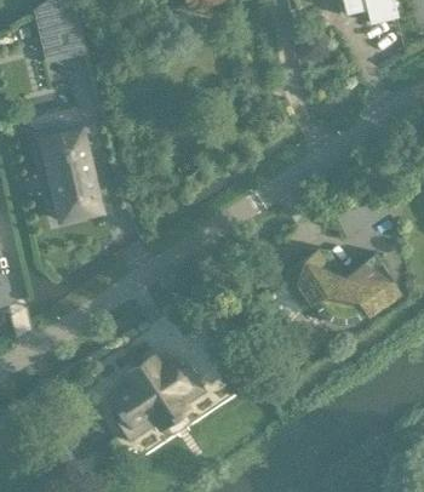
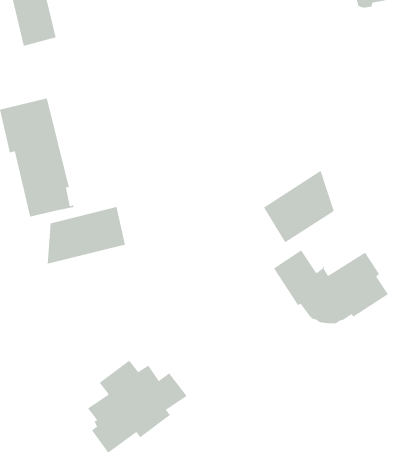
building: none -> [263,170,334,243]
building: none -> [47,206,125,264]

